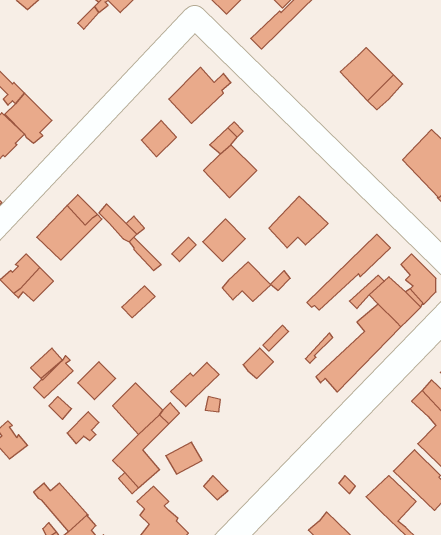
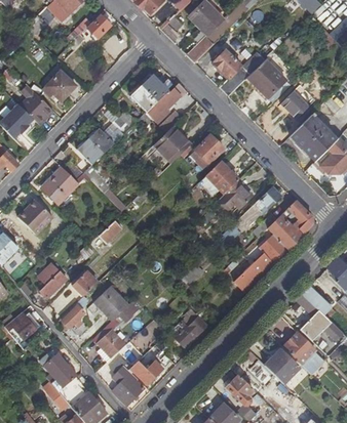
building: none -> [213,48,269,96]
building: none -> [44,72,76,100]
building: none -> [152,83,185,119]
building: none -> [279,92,307,120]
building: none -> [77,128,114,164]
building: [203,219,245,261] -> [195,134,224,163]
building: [222,262,271,301] -> [220,181,253,208]
building: [171,362,219,407] -> [174,316,206,346]
building: none -> [128,361,163,384]

